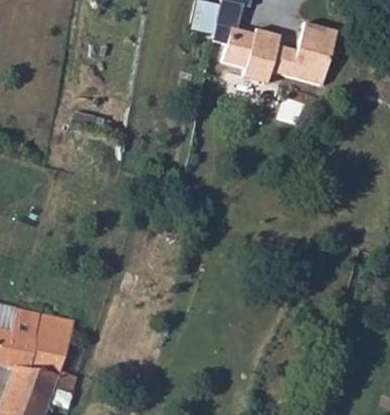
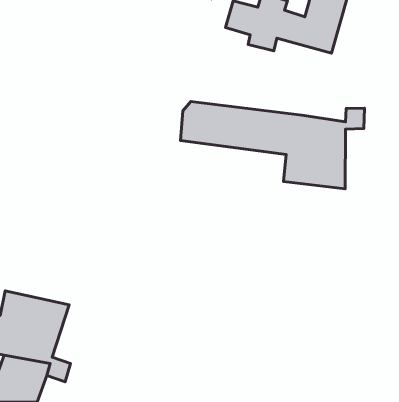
building: none -> [181,102,364,189]

